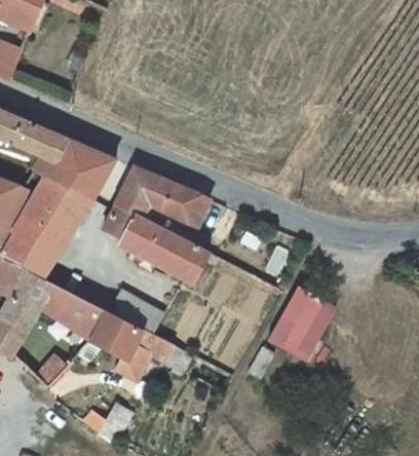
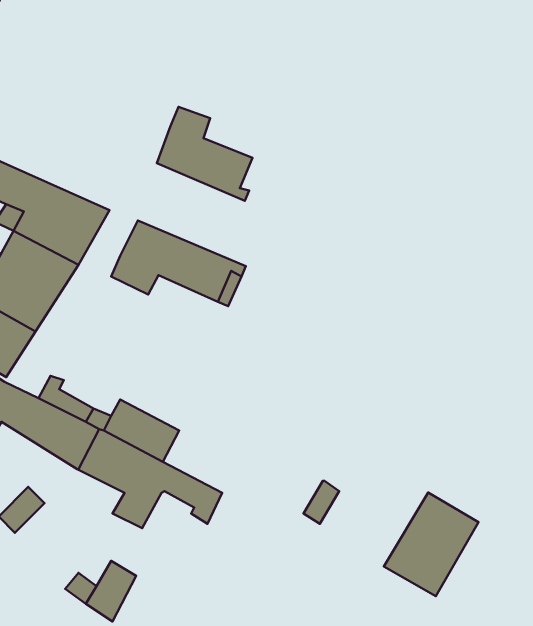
building: none -> [157,107,253,201]
building: [103,206,207,281] -> none
building: [268,288,334,359] -> [384,492,479,596]

